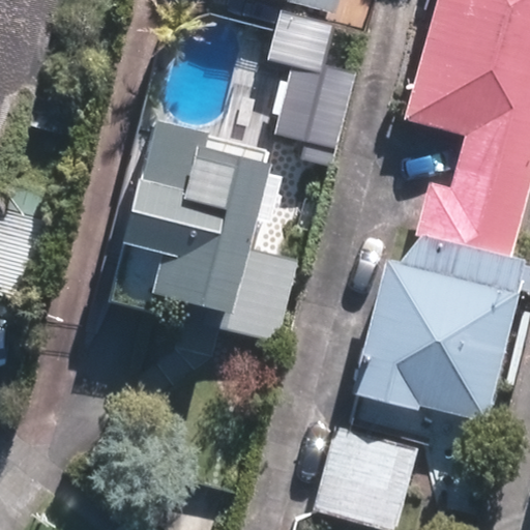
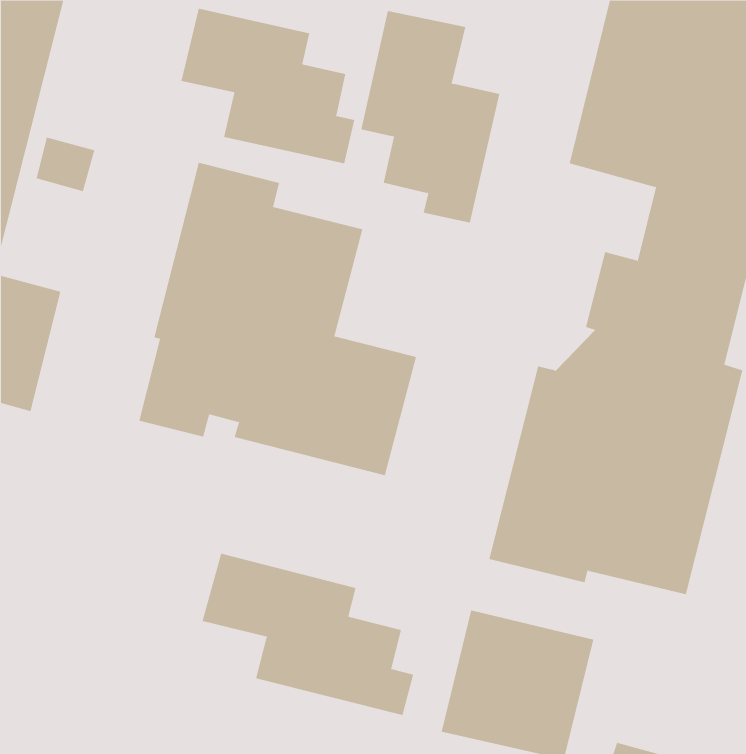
building: none -> [181,8,355,164]
building: none -> [202,553,414,716]

